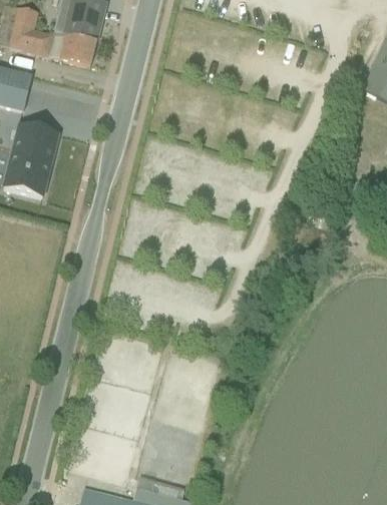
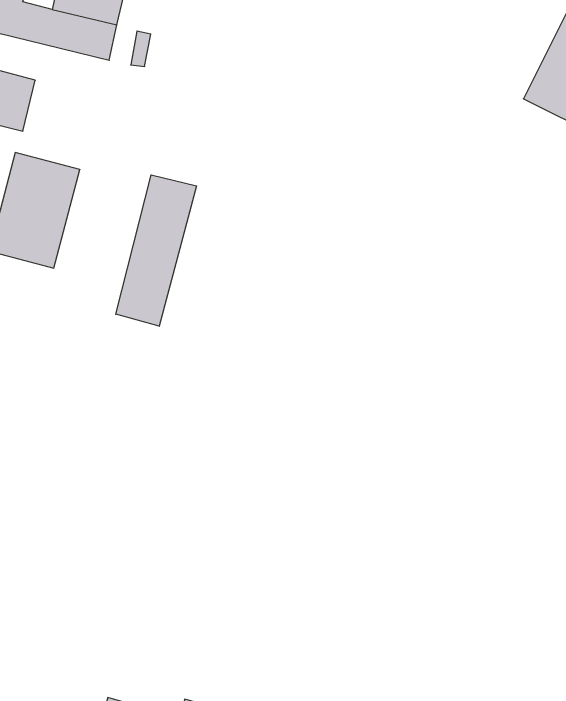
building: none -> [116,175,197,326]

